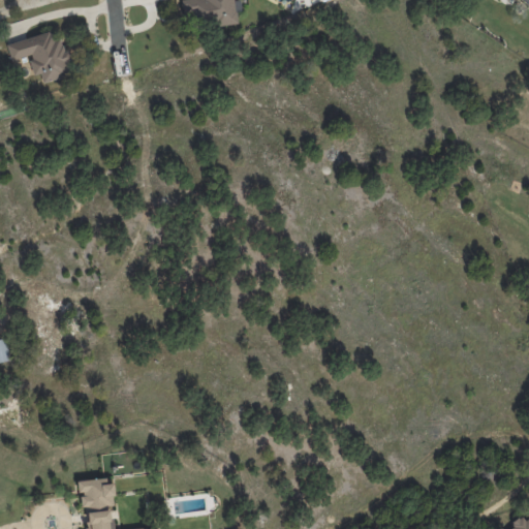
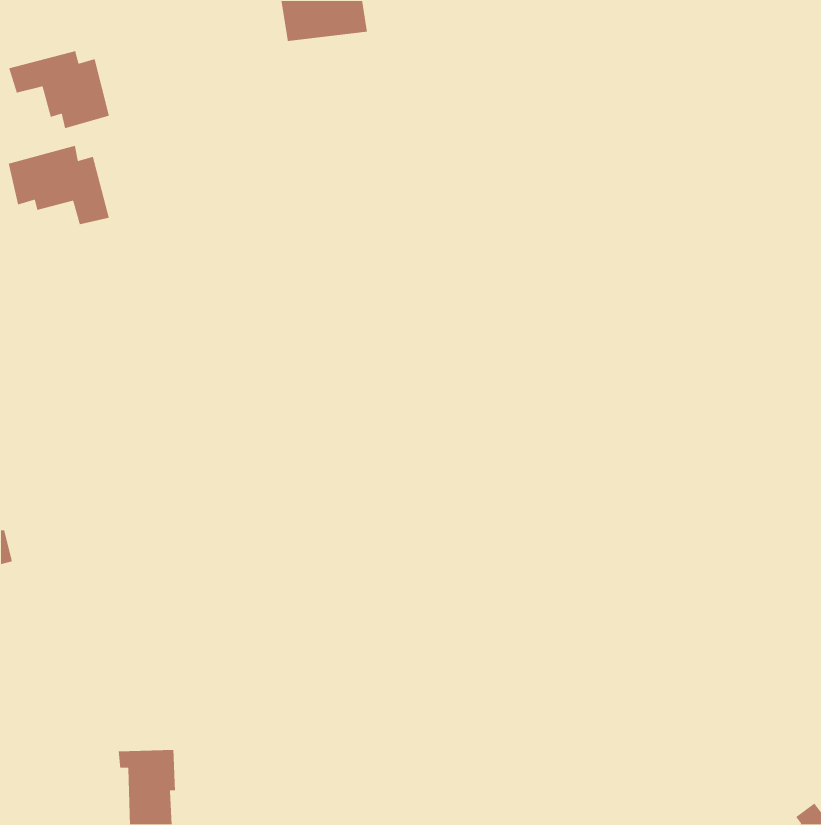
building: none -> [8,145,110,225]

